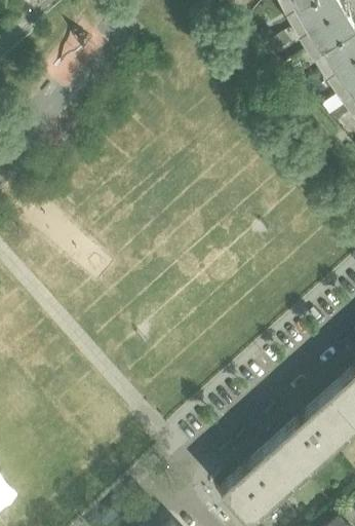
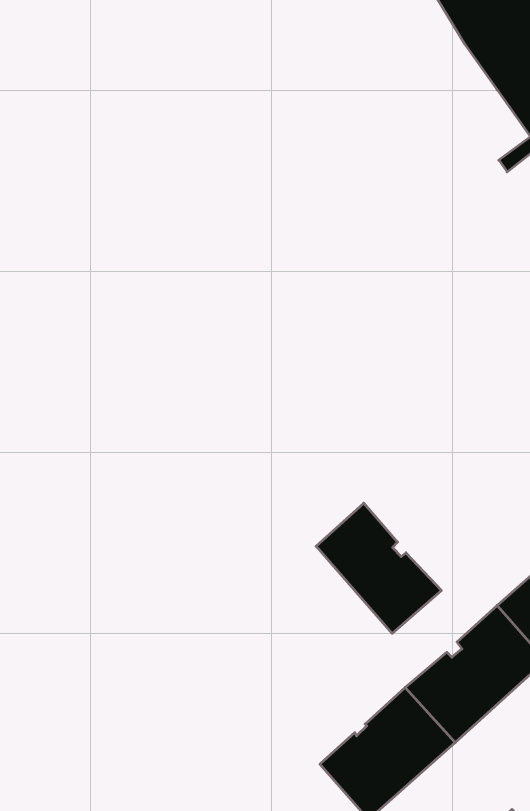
building: none -> [316,503,441,633]

